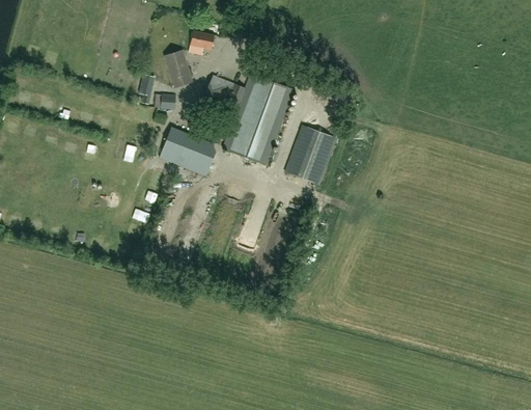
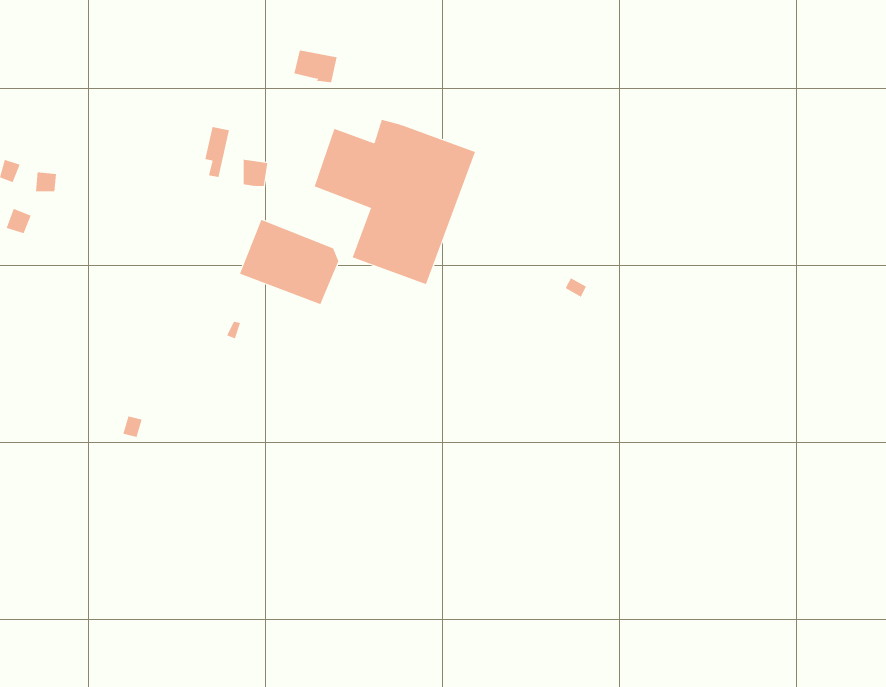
building: [164,49,193,87] -> none
building: [284,125,336,184] -> none

